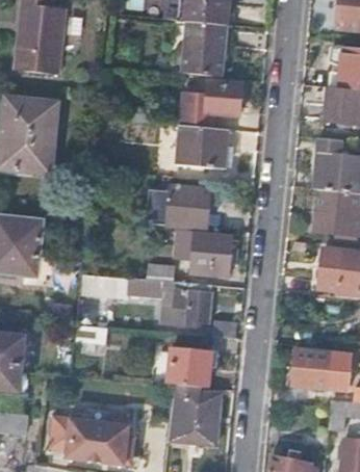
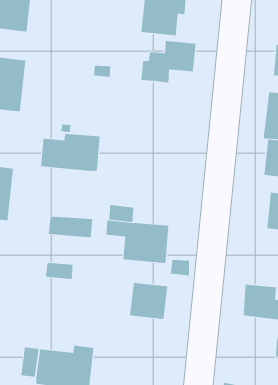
building: [178,125,228,168] -> none
building: [144,185,210,227] -> [40,133,101,171]
building: [175,230,232,276] -> none
building: [169,385,221,444] -> none

